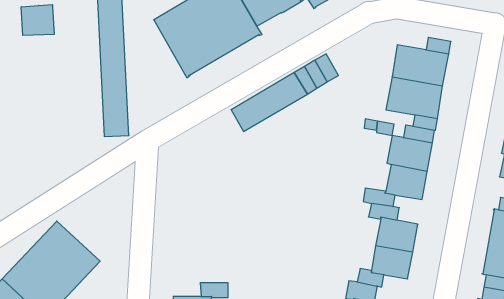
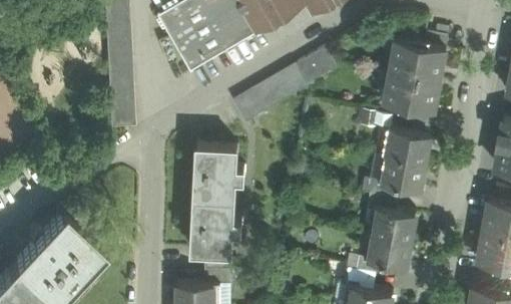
building: [21,5,54,35] -> none
building: none -> [190,149,243,258]

